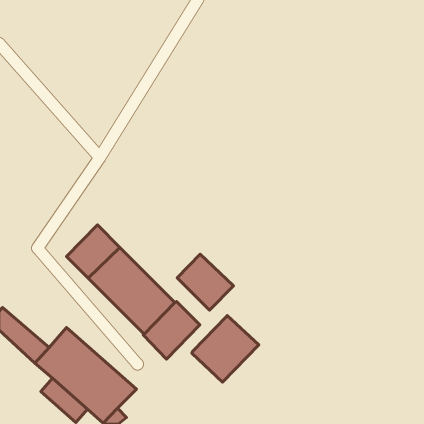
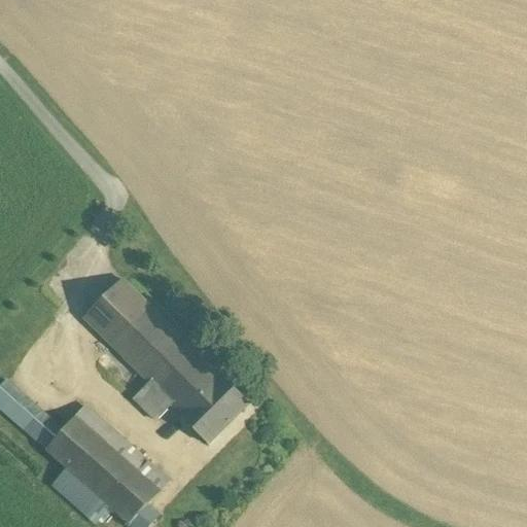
building: [177,254,233,310] -> none
building: none -> [132,382,169,419]
building: [192,316,259,382] -> none

